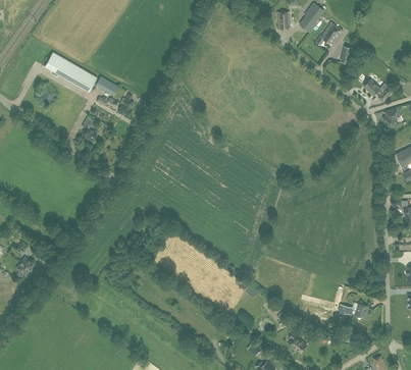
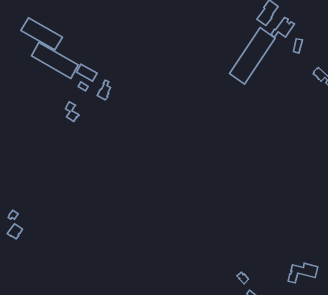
building: none -> [21,18,62,50]
building: none -> [230,28,275,84]

